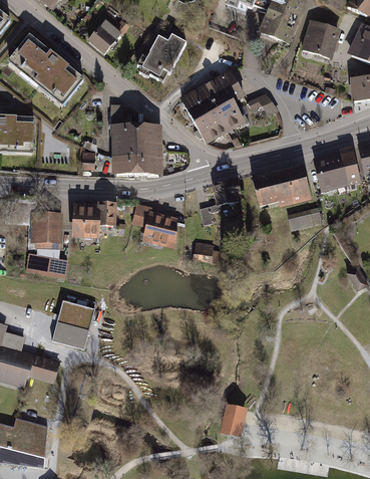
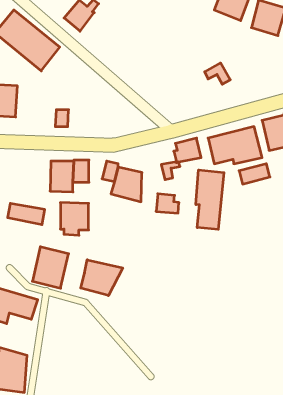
building: [142,35,187,78] -> none
building: [181,70,243,140] -> none
building: [110,103,158,174] -> none
building: [31,212,63,249] -> [60,203,89,235]
building: none -> [196,170,224,229]
building: none -> [81,260,123,296]
building: [222,403,246,433] -> none

